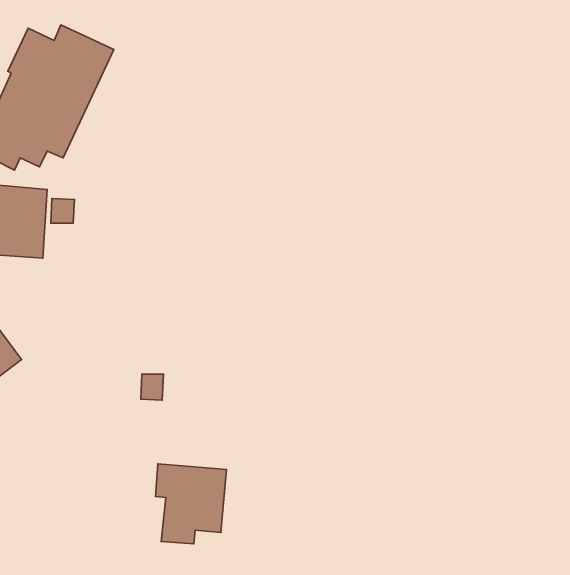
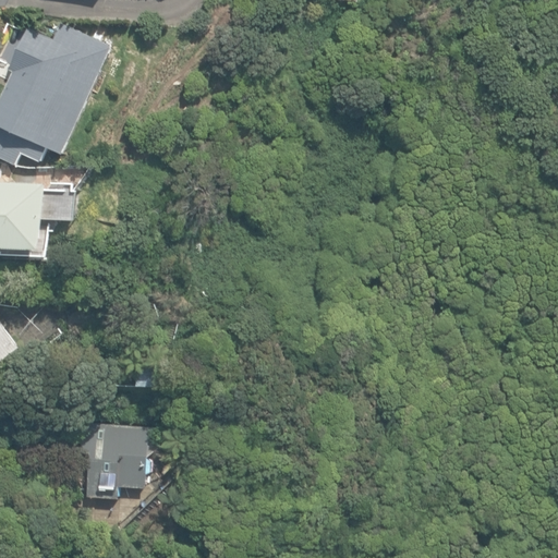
building: [156,464,227,544] -> [78,422,147,499]

